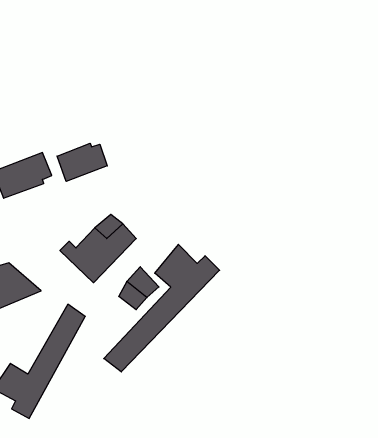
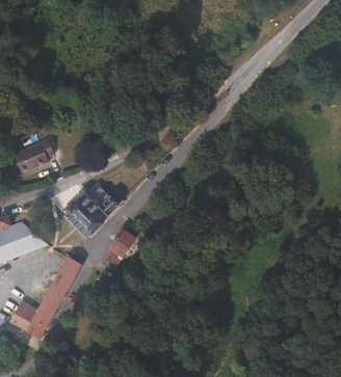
building: [57,143,107,181] -> none
building: [104,244,220,372] -> none

